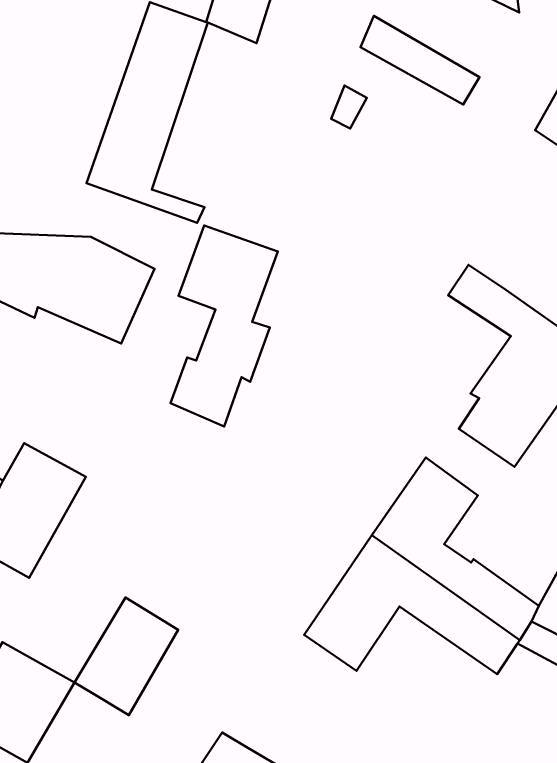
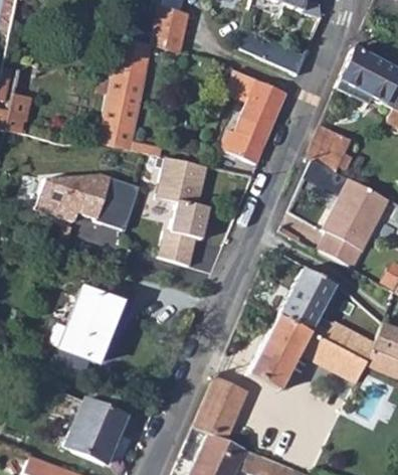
building: none -> [223,80,287,163]
building: none -> [309,125,351,170]
building: [74,597,178,715] -> [195,375,248,440]

